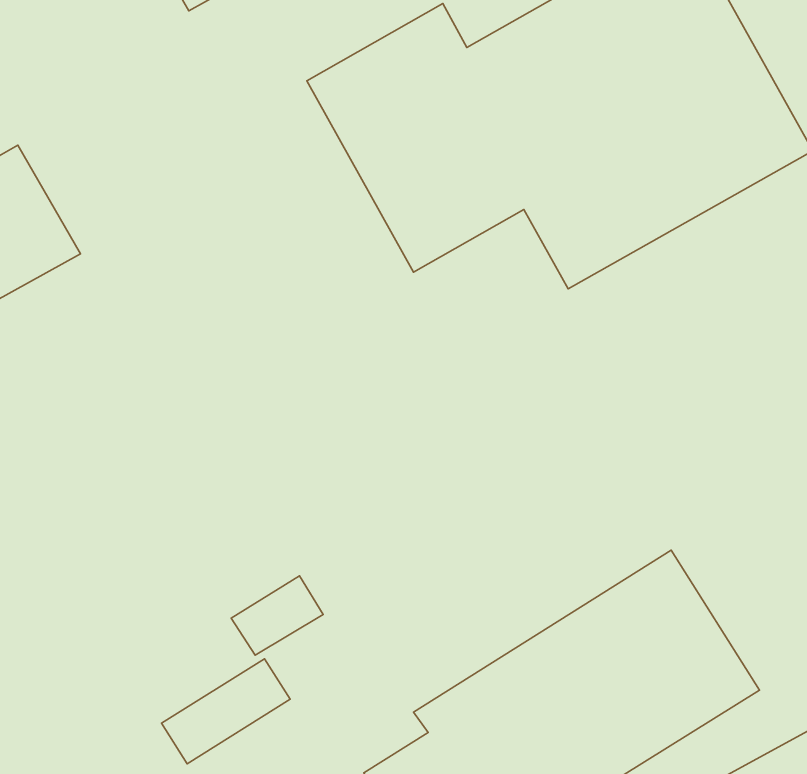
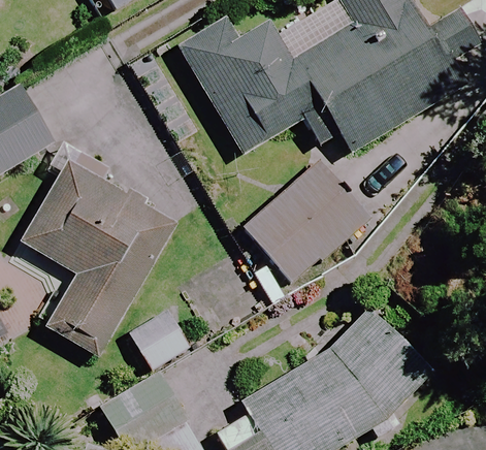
building: none -> [244,164,364,283]
building: none -> [31,166,175,358]

